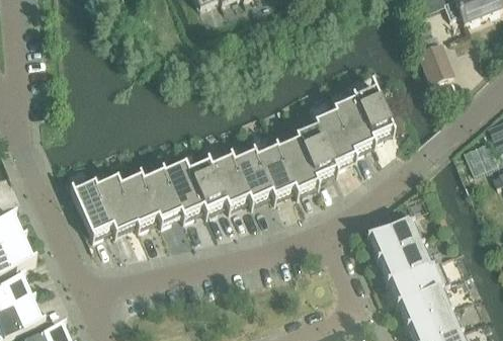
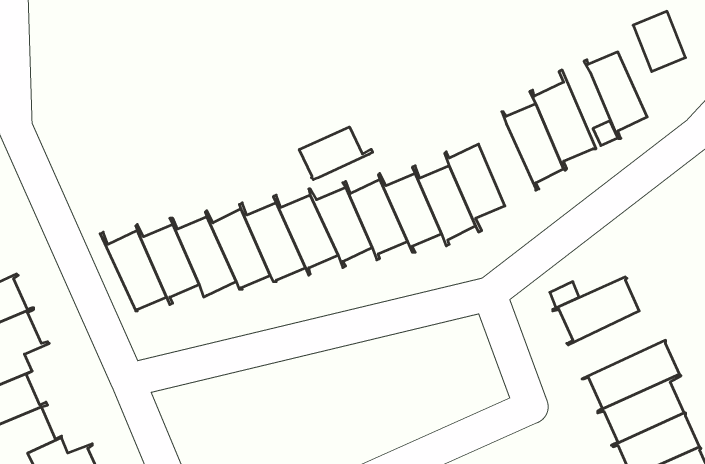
building: [313,113,354,170] -> [584,52,647,138]
building: none -> [299,127,373,180]
building: [375,236,439,280] -> none

